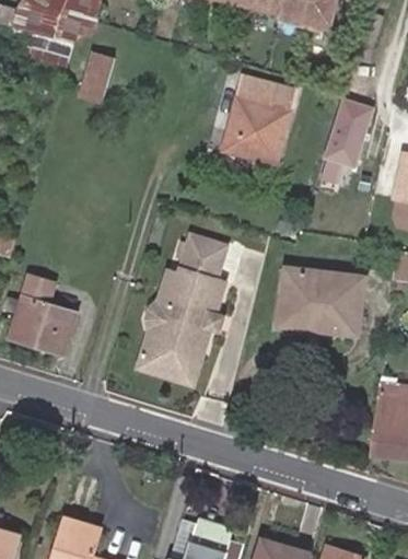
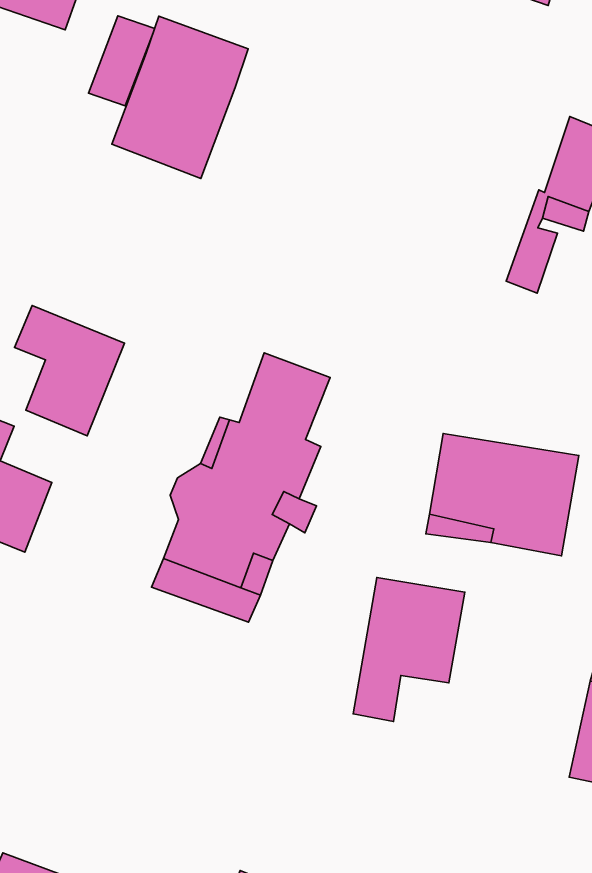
building: [222,73,293,161] -> [112,16,248,179]
building: none -> [14,305,124,436]
building: none -> [353,578,465,721]

